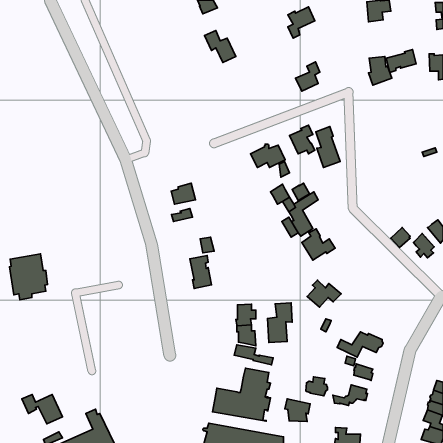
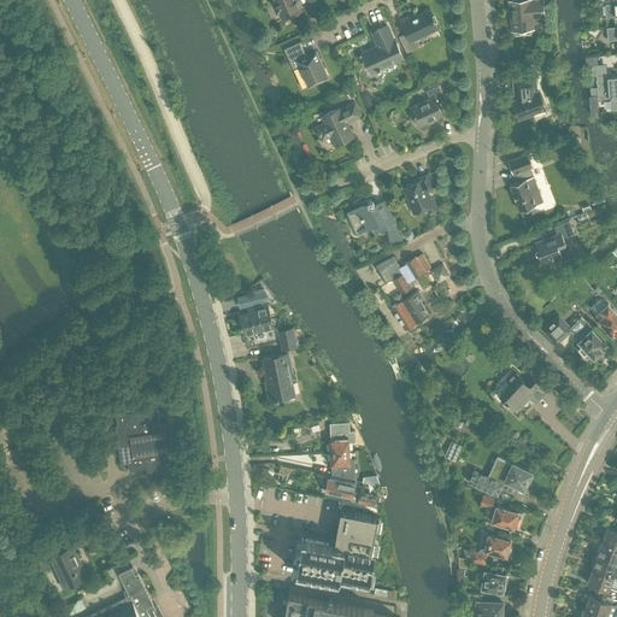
building: none -> [363,28,404,75]
building: [386,50,416,72] -> none
building: none -> [316,104,362,146]
building: [316,127,340,167] -> [509,155,542,212]
building: none -> [535,222,575,266]
building: [171,183,195,204] -> [240,306,274,335]
building: [302,229,335,260] -> none
building: [9,254,48,300] -> [114,410,168,474]
building: [307,280,341,307] -> [500,374,547,411]
building: [267,303,292,343] -> none
building: [306,377,327,396] -> [476,565,506,592]
building: [285,399,310,422] -> none

